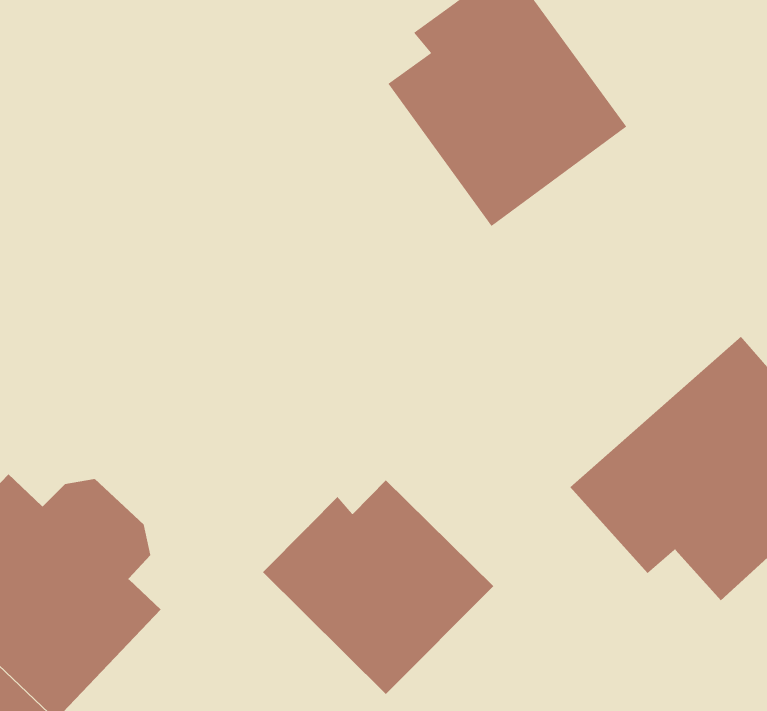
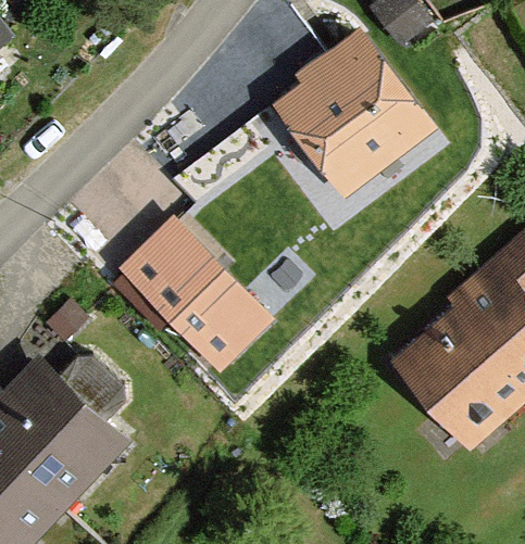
building: none -> [115,215,275,374]
building: [262,480,494,695] -> none

